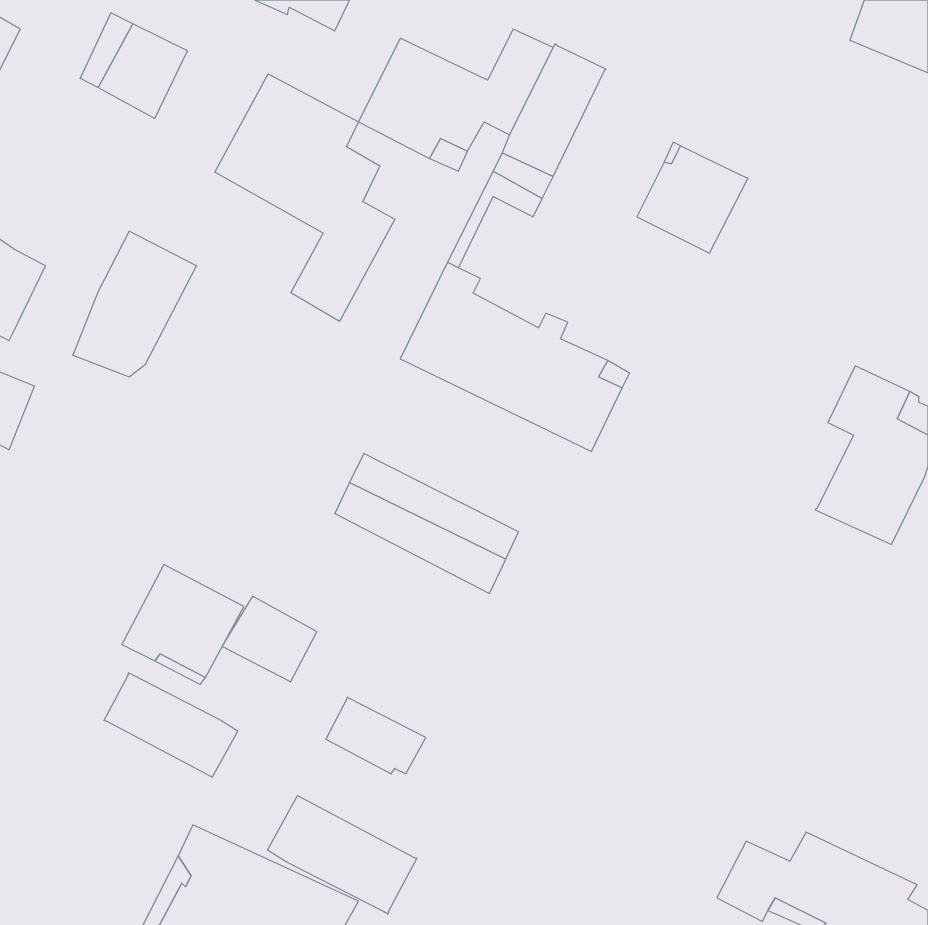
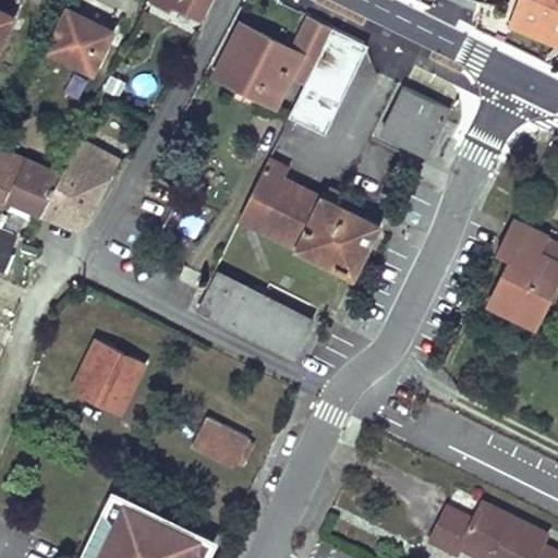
building: [215,74,395,321] -> none
building: none -> [8,162,59,216]
building: [222,596,317,682] -> none
building: [104,673,238,777] -> none
building: [267,796,417,914] -> none

